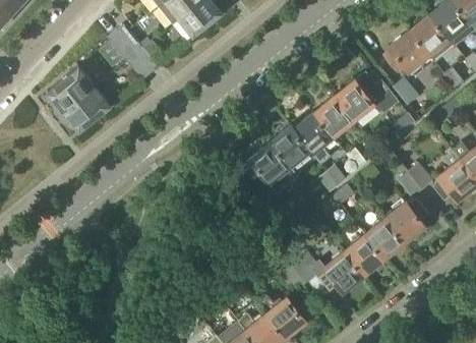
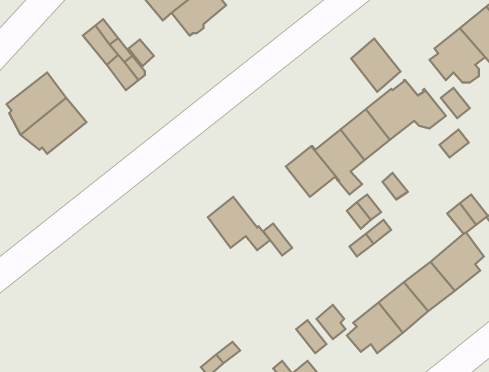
building: none -> [351,38,400,92]
building: [249,142,299,185] -> [208,197,270,250]

